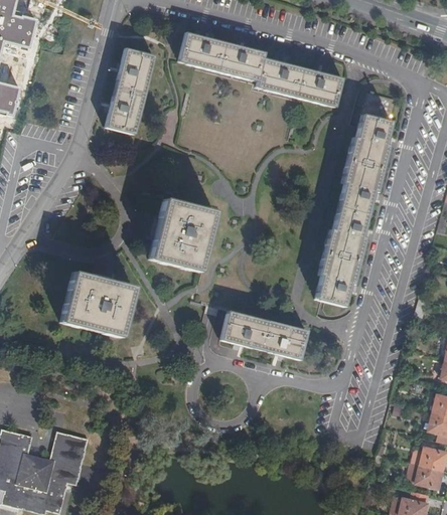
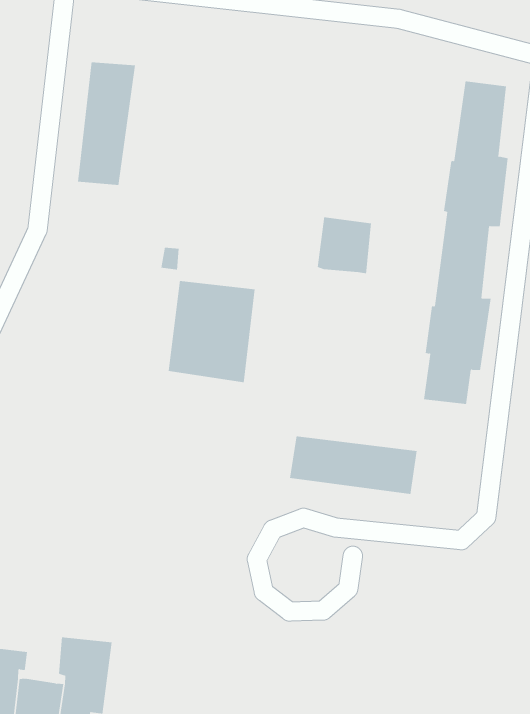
building: [179,33,342,107] -> none
building: none -> [317,217,371,274]
building: [61,273,133,337] -> none

